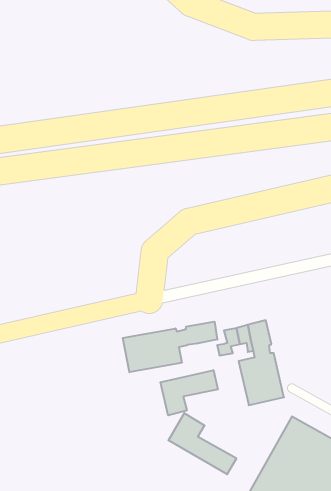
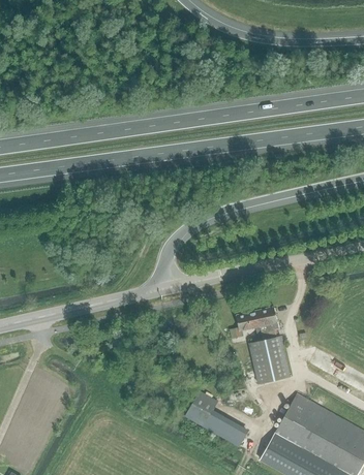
building: [123,322,217,372] -> none
building: [160,370,218,415] -> none

